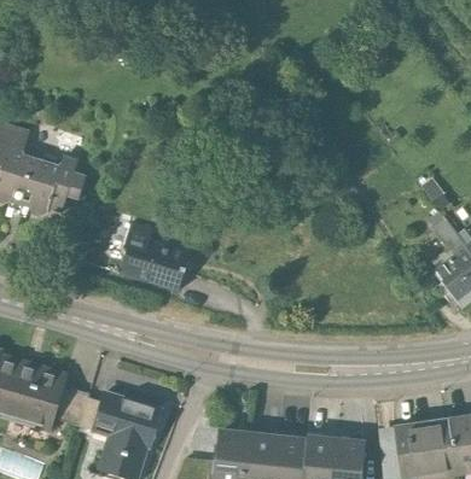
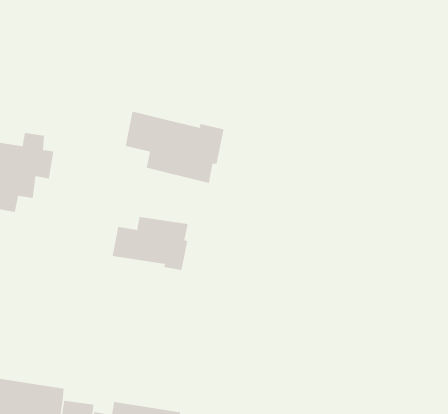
building: none -> [125,111,224,184]

